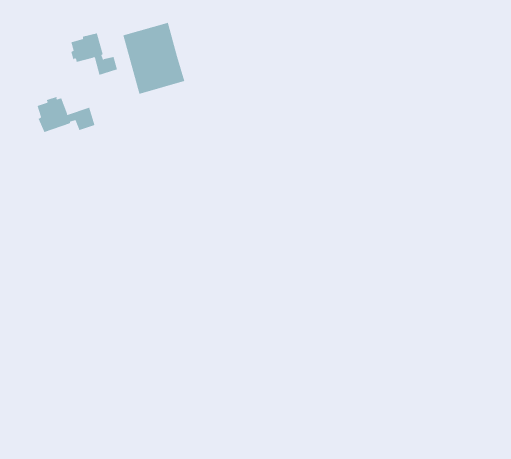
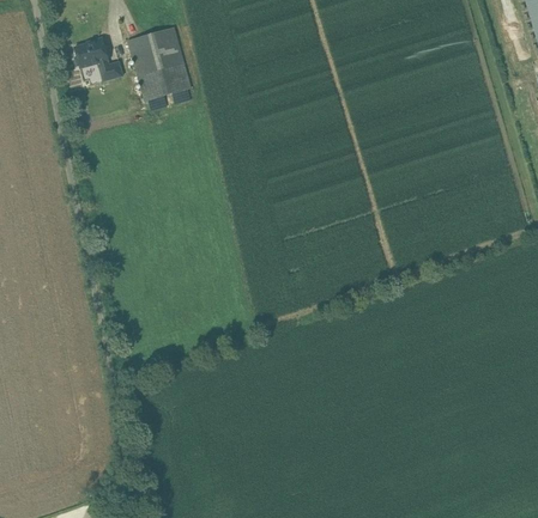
building: [37,96,95,133] -> none

